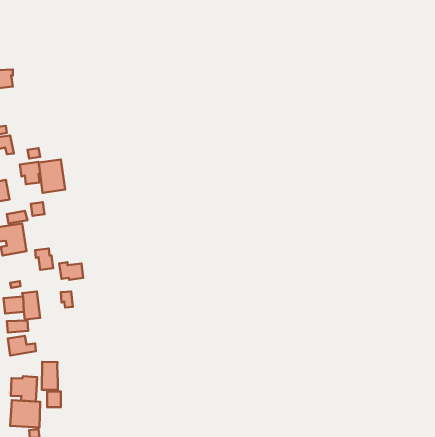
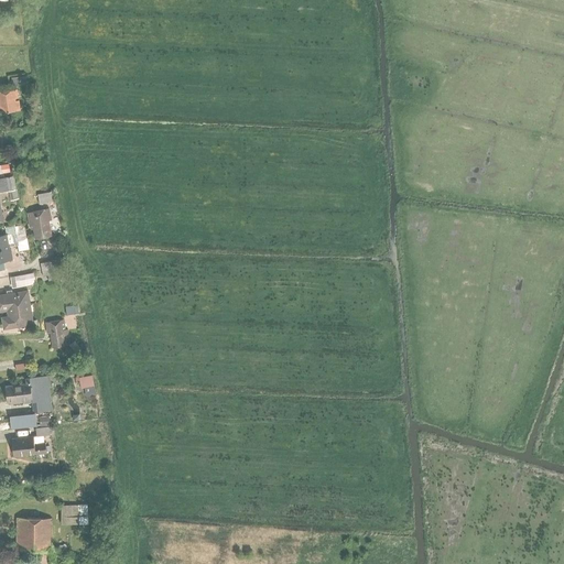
building: [39,160,65,193] -> none
building: [59,262,83,280] -> none
building: [42,362,58,390] -> none
building: [11,376,37,402] -> none

